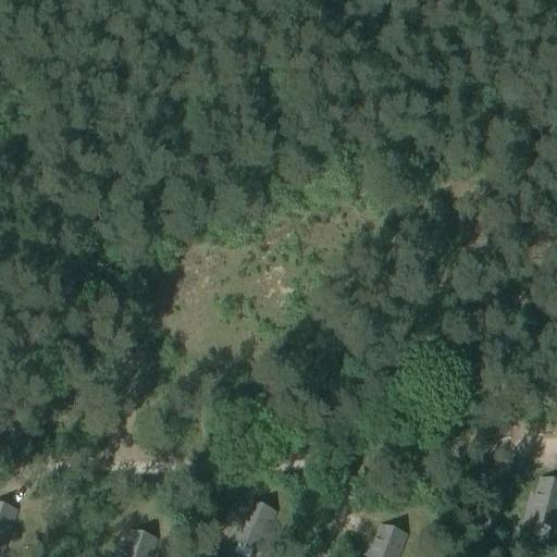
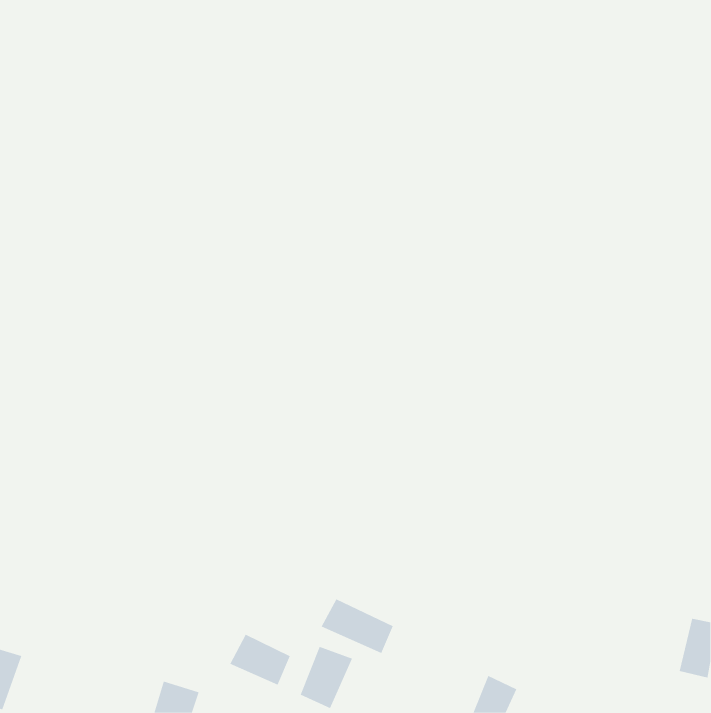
building: none -> [321,598,394,654]
building: none -> [230,634,291,686]

